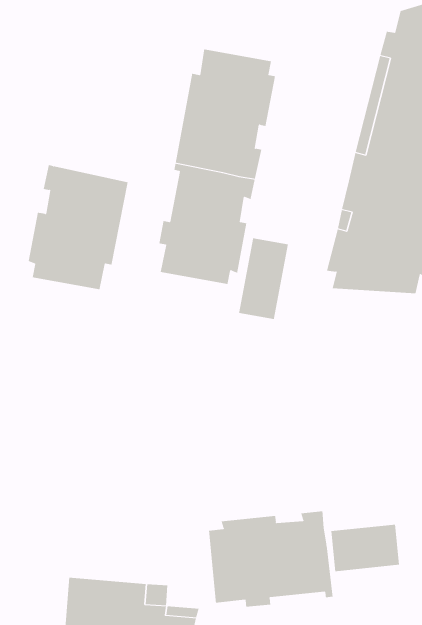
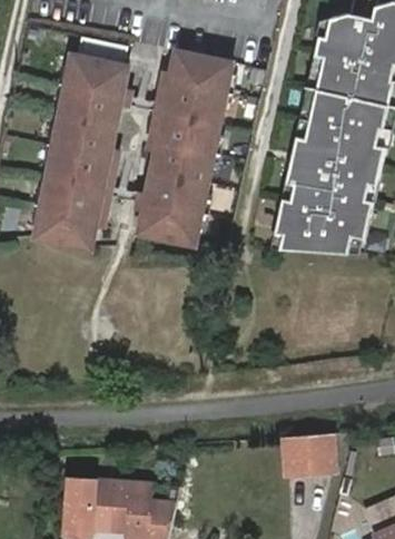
building: none -> [49,38,129,159]
building: [239,237,288,320] -> none
building: [208,510,333,608] -> none

